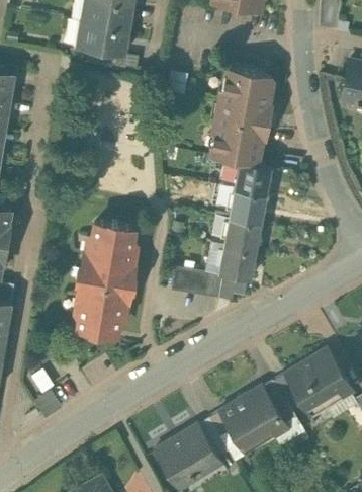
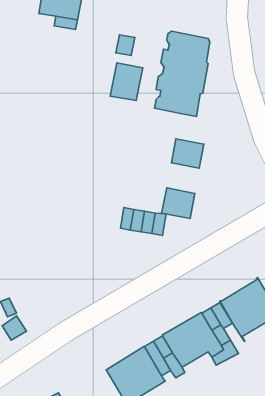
building: none -> [110,63,143,101]
building: [235,161,272,195] -> none
building: [224,217,261,251] -> none
building: [76,223,137,334] -> none

